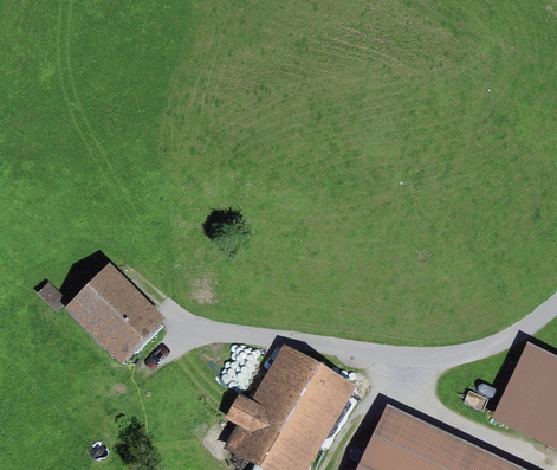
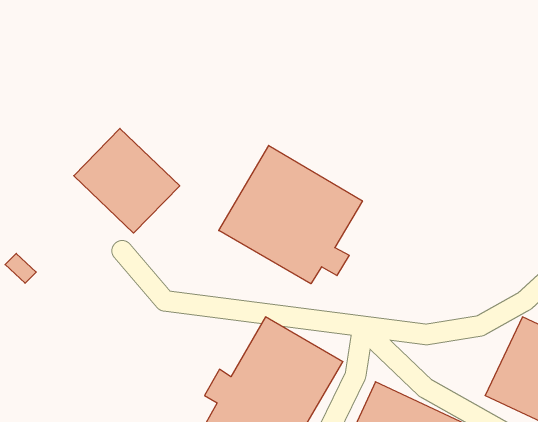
building: none -> [219,145,362,284]
building: [66,263,167,362] -> [74,128,180,233]

